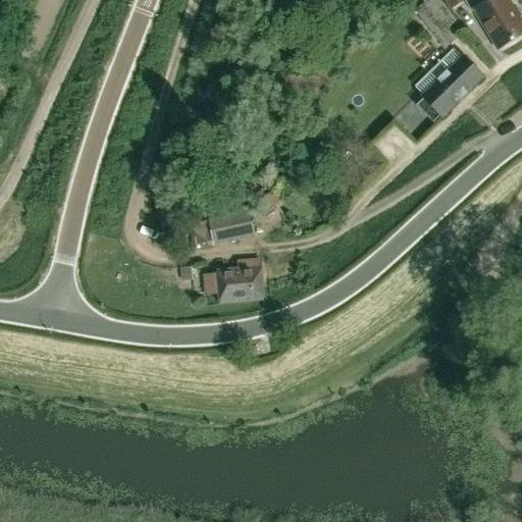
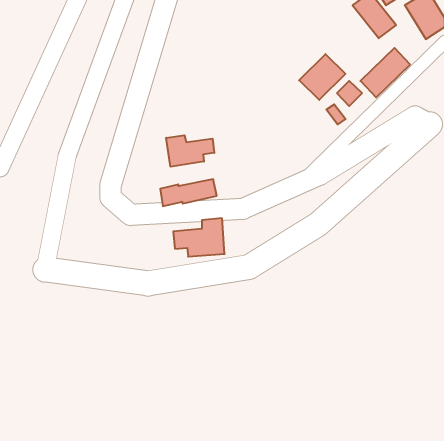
building: none -> [299,54,345,100]
building: none -> [166,135,214,167]

